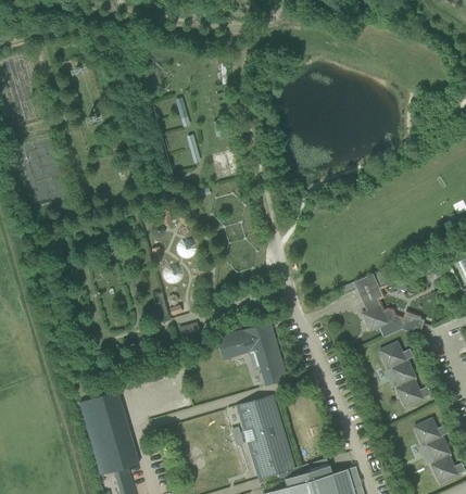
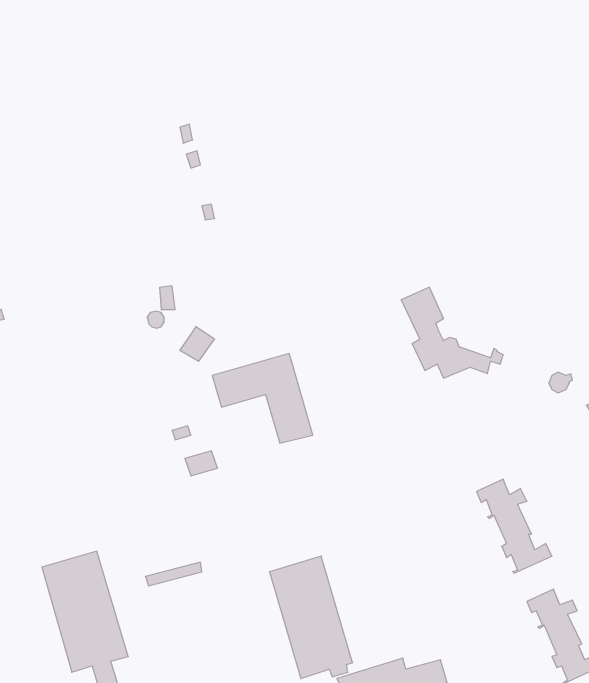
building: [354,275,425,338] -> [401,287,503,378]
building: [216,322,286,384] -> [212,354,313,443]

